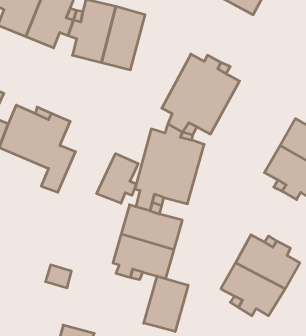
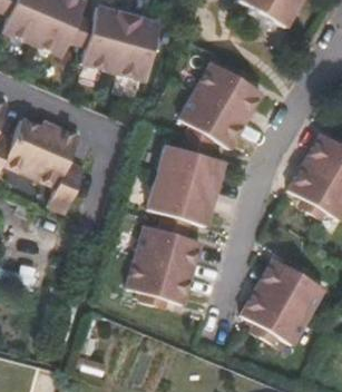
building: [97,154,138,203] -> none
building: [144,276,188,332] -> none

